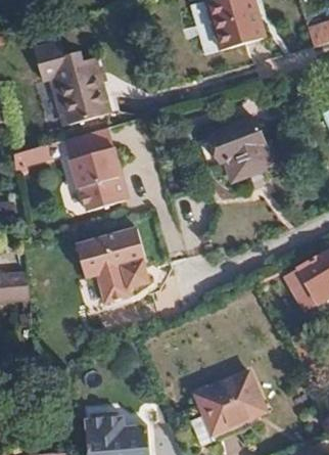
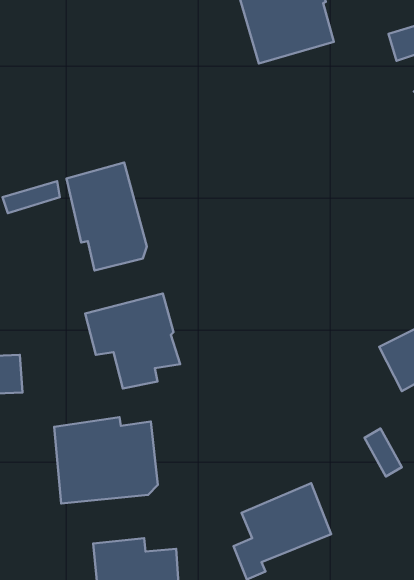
building: [34,39,108,124] -> none
building: [209,117,280,180] -> none
building: none -> [54,417,158,503]

